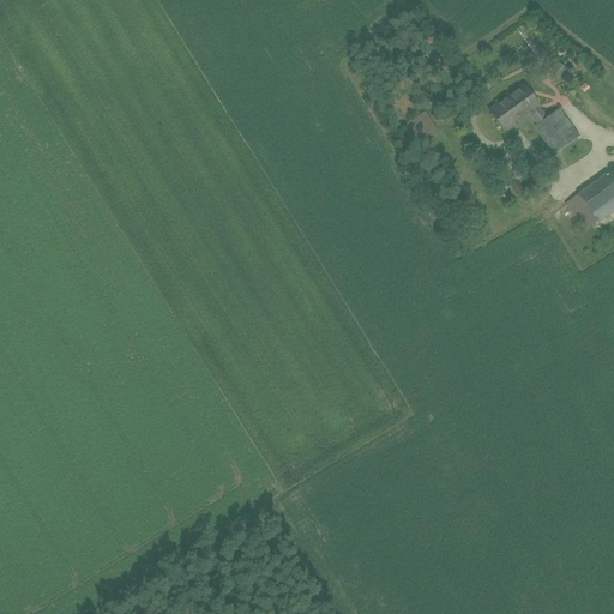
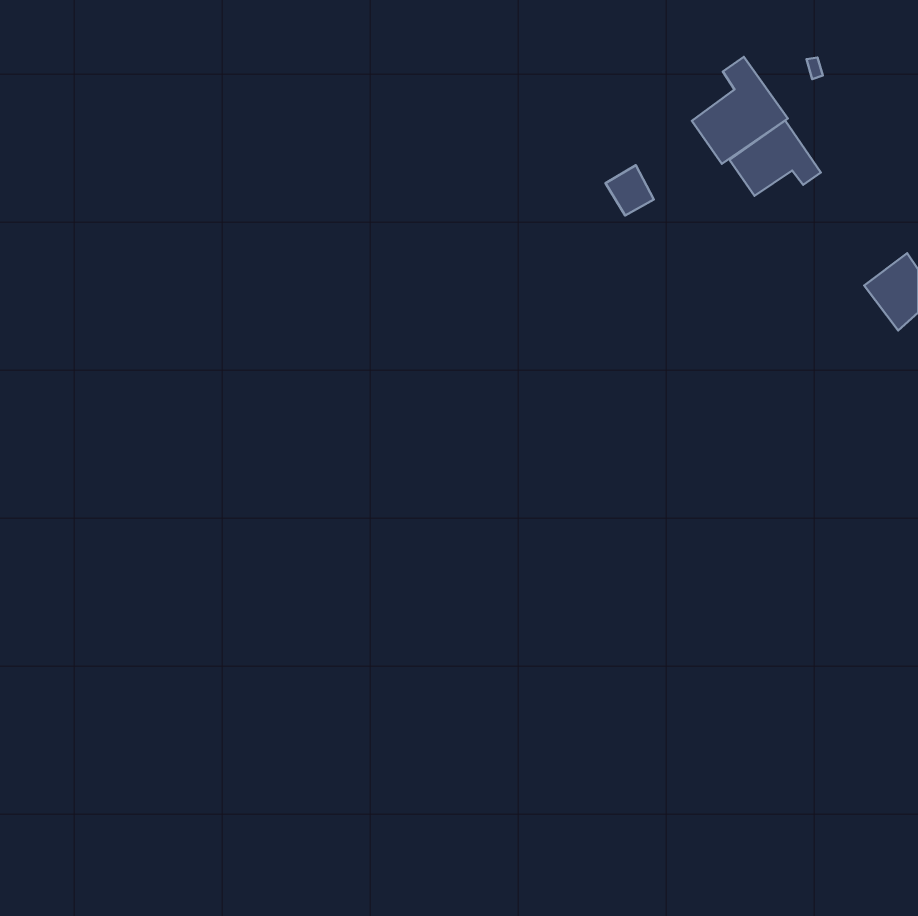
building: none -> [692,57,788,164]
building: [534,108,579,154] -> none

